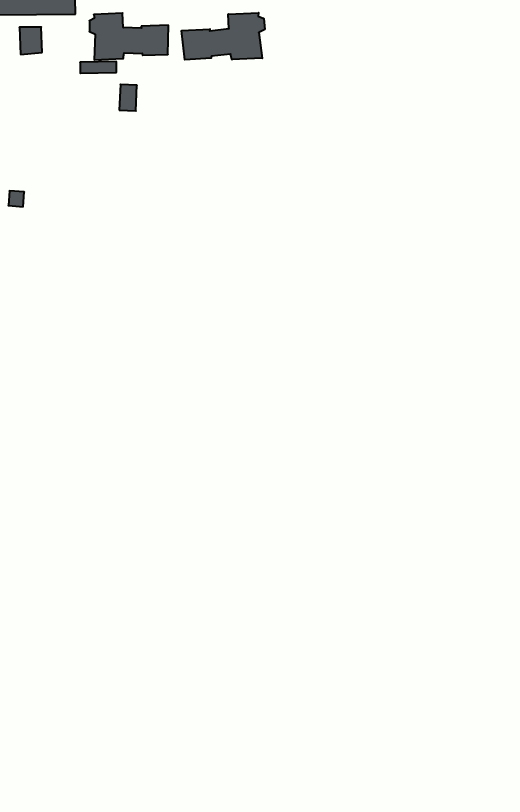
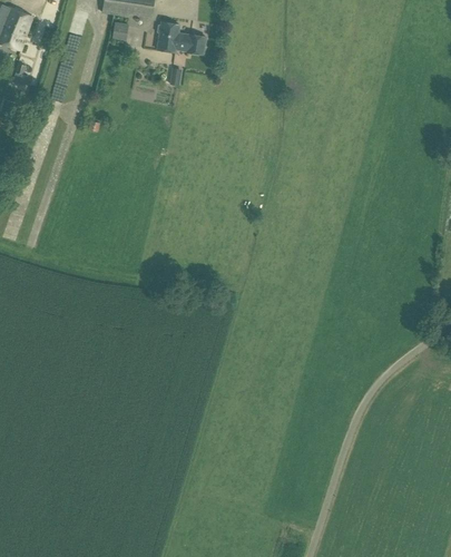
building: [182,13,265,60] -> none

